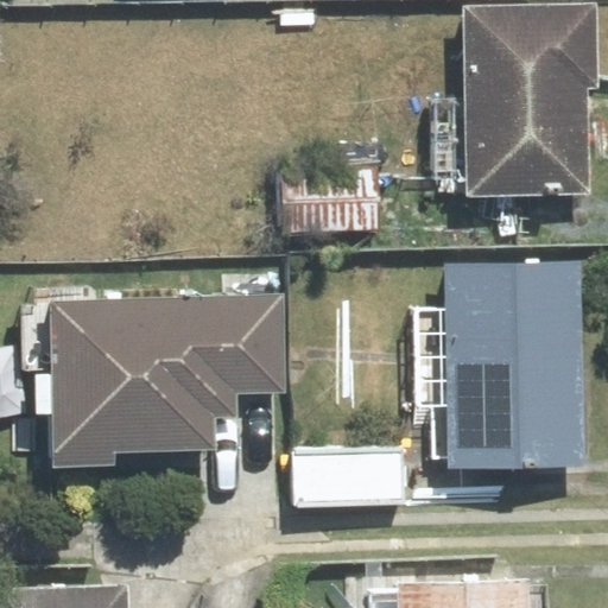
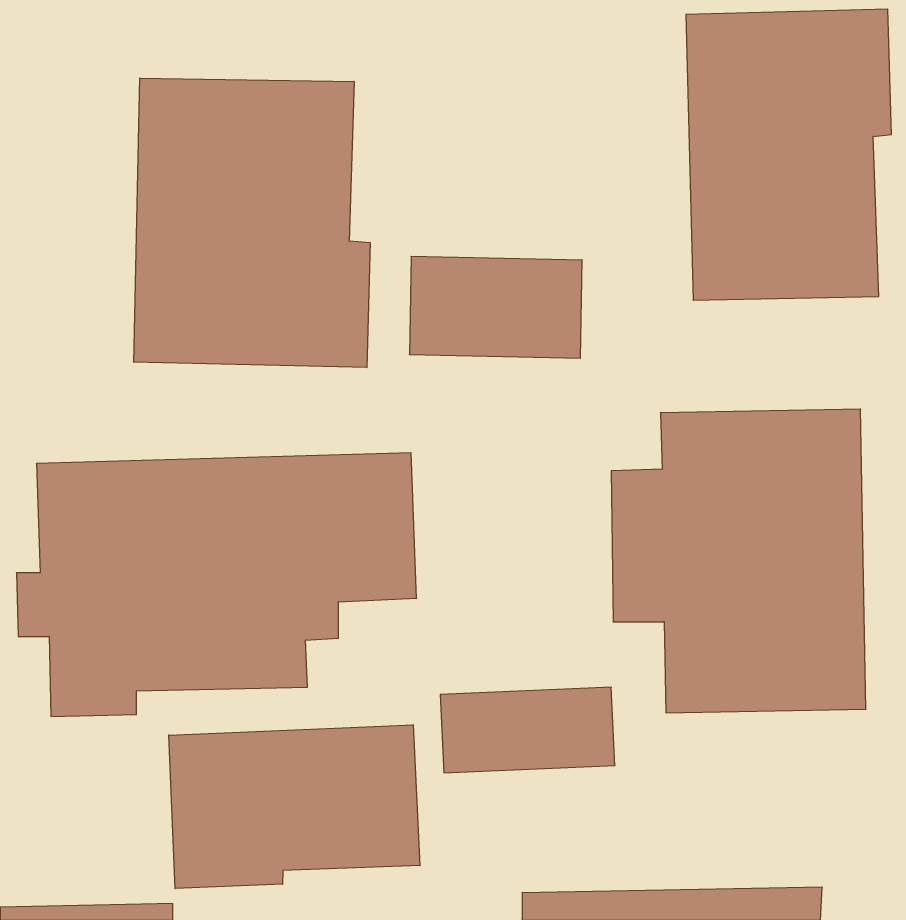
building: none -> [134,78,370,368]
building: none -> [169,725,420,889]

